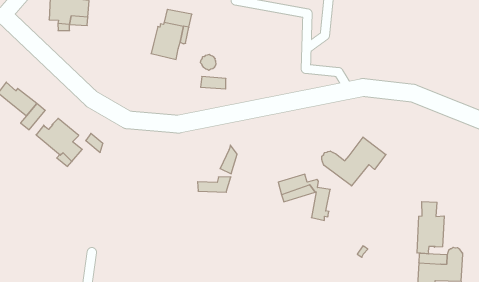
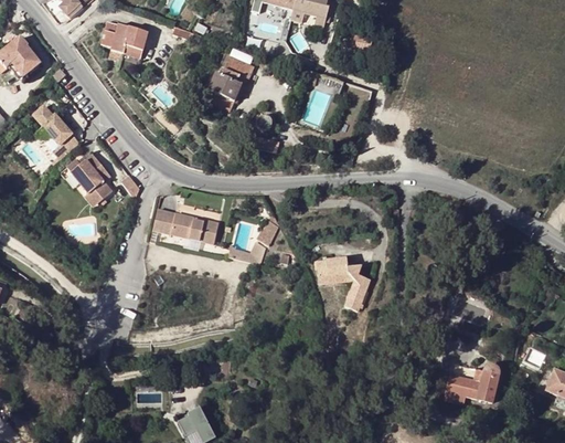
building: [322,137,386,186] -> none
building: none -> [151,208,217,241]
building: [417,202,444,254] -> none

